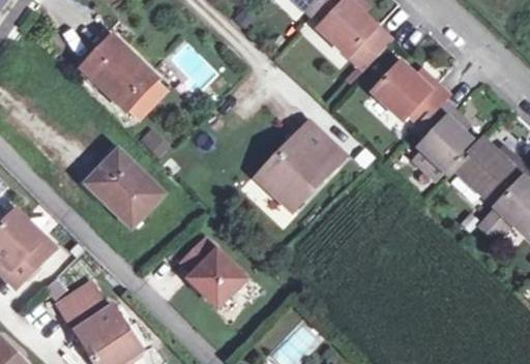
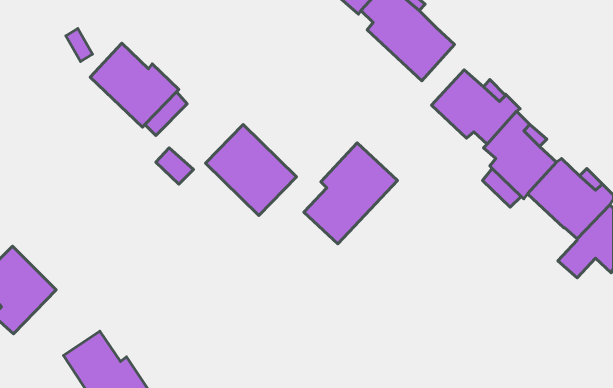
building: [87,150,165,228] -> [206,124,297,216]
building: [182,239,245,306] -> none

